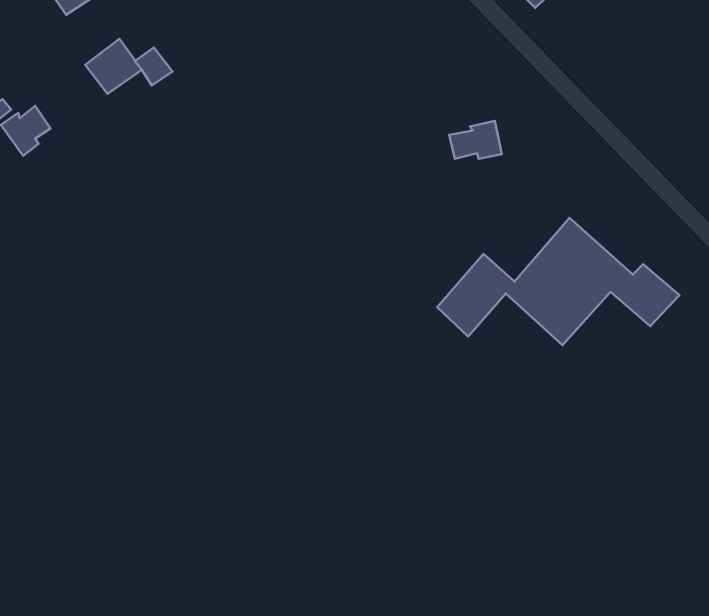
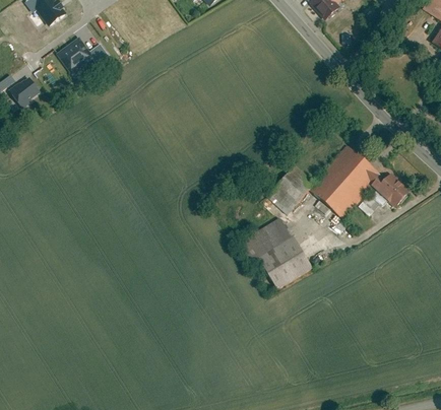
building: [449,121,502,159] -> none
building: none -> [237,216,313,289]

